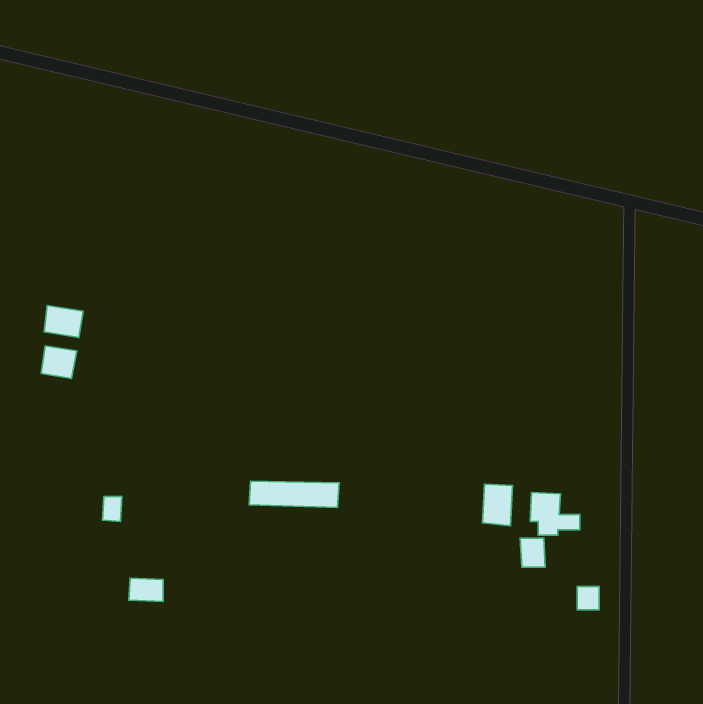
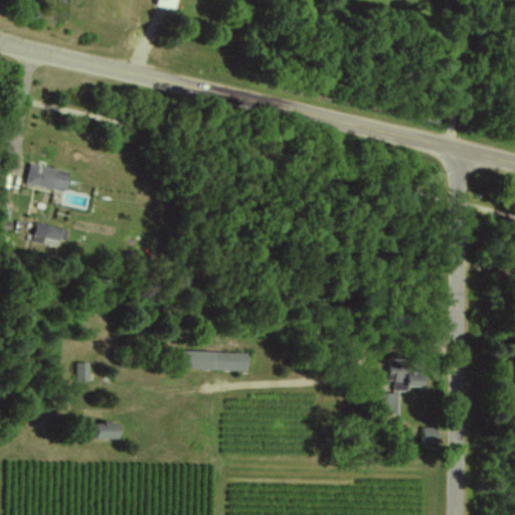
building: none -> [27,164,70,192]
building: [41,346,77,378] -> none
building: [483,484,513,526] -> none

